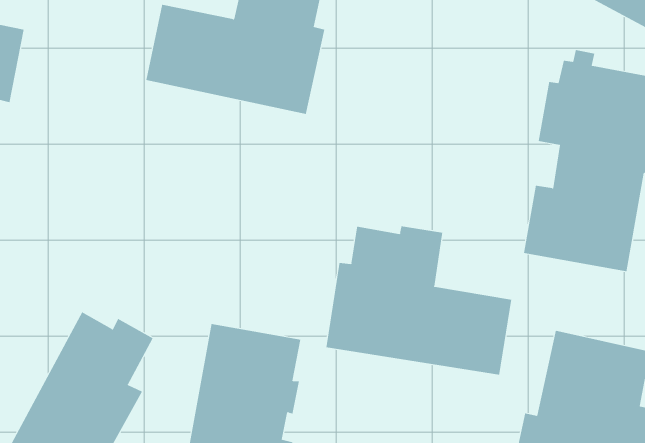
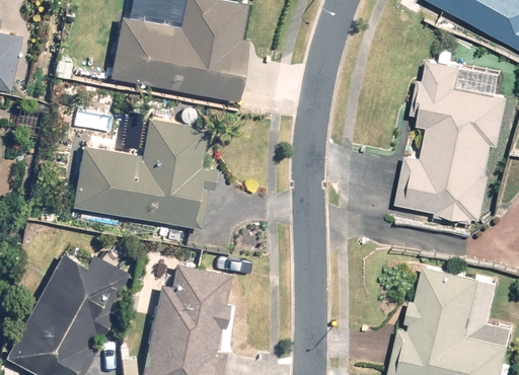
building: none -> [69,117,218,244]
building: [326,225,512,376] -> none

